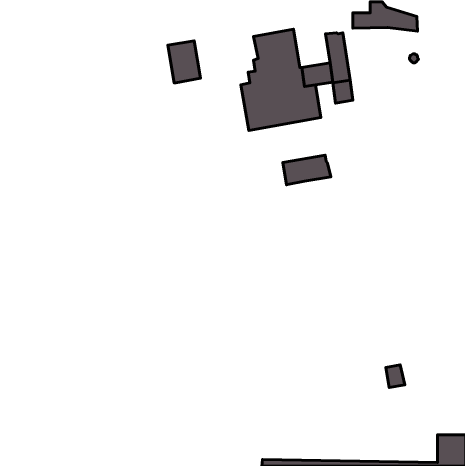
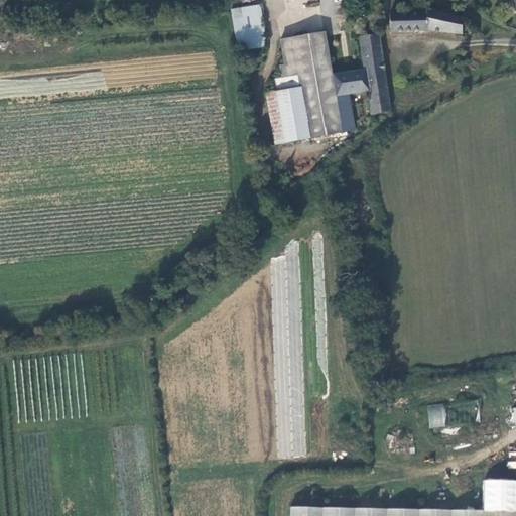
building: [168,41,201,83] -> [232,5,268,51]
building: [283,155,331,185] -> none

